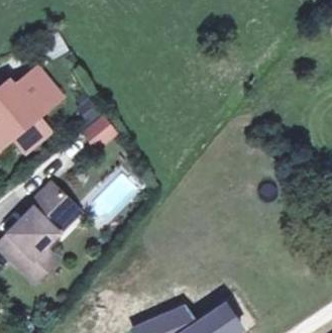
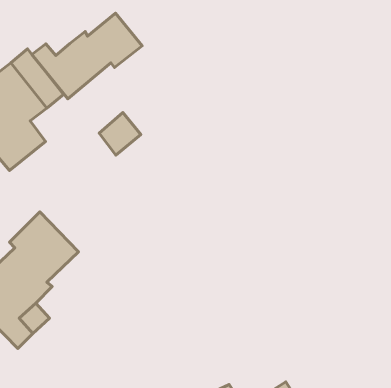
building: none -> [32,13,142,99]

